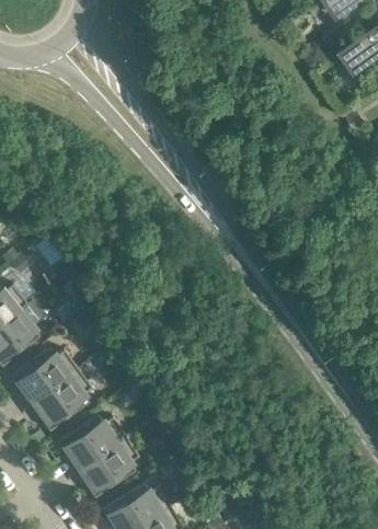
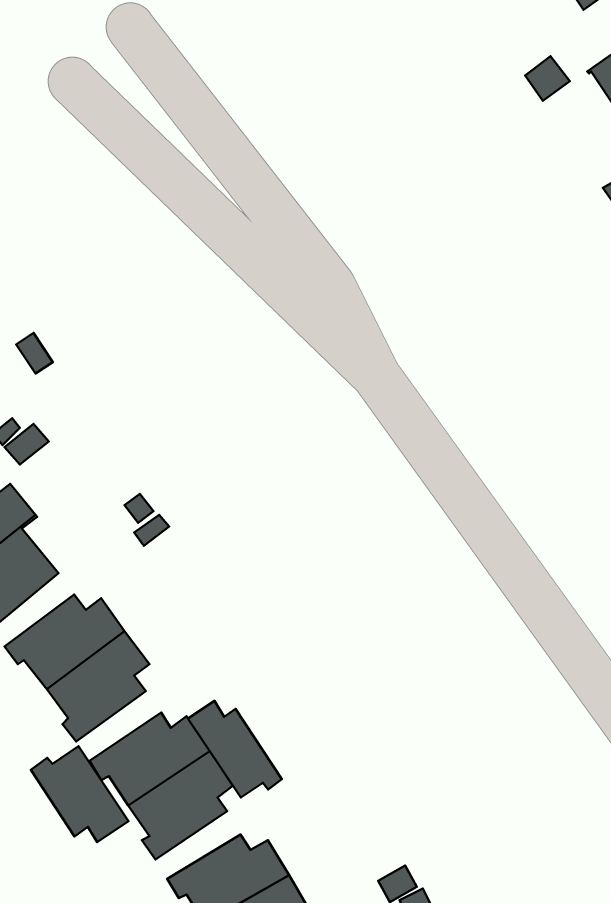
building: none -> [188,701,282,798]
building: none -> [31,746,129,842]

